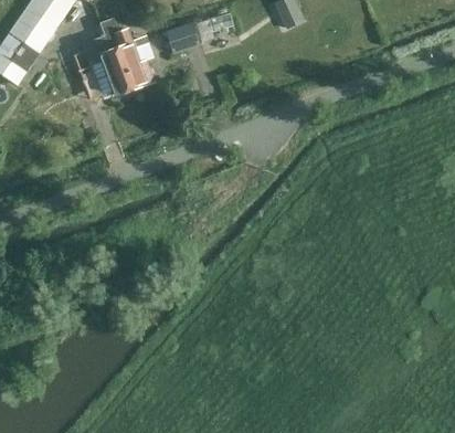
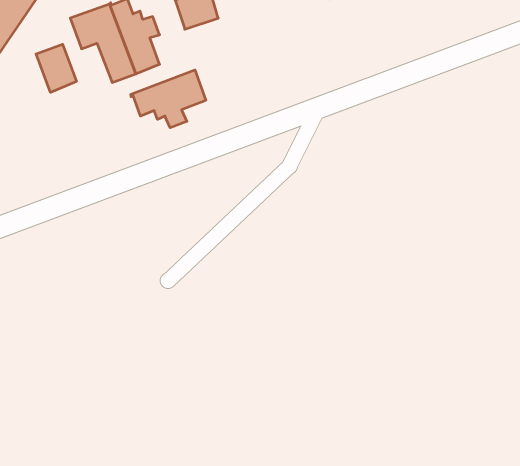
building: none -> [36,44,76,92]
building: none -> [131,70,206,128]

